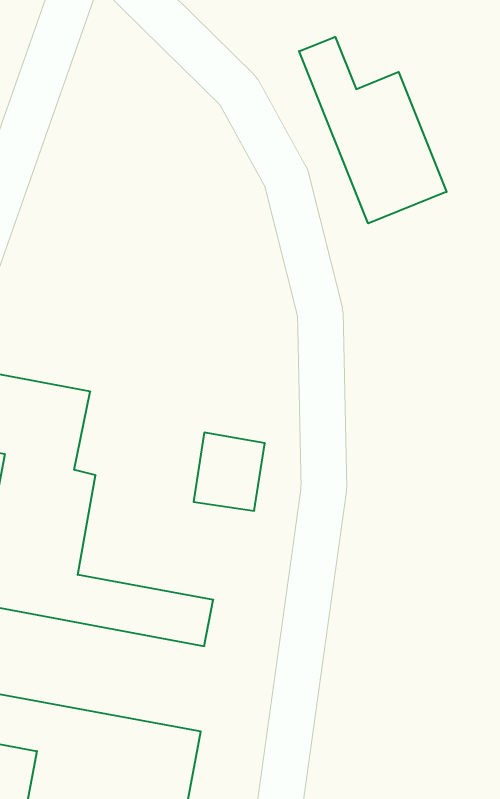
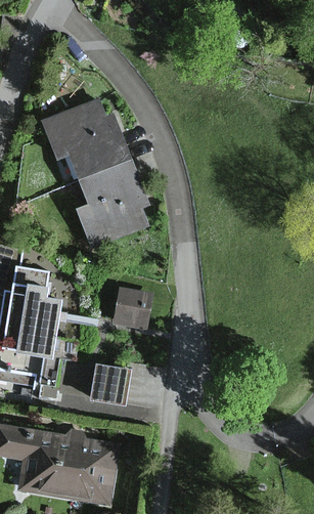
building: [299,37,447,223] -> none
building: none -> [38,97,149,246]

